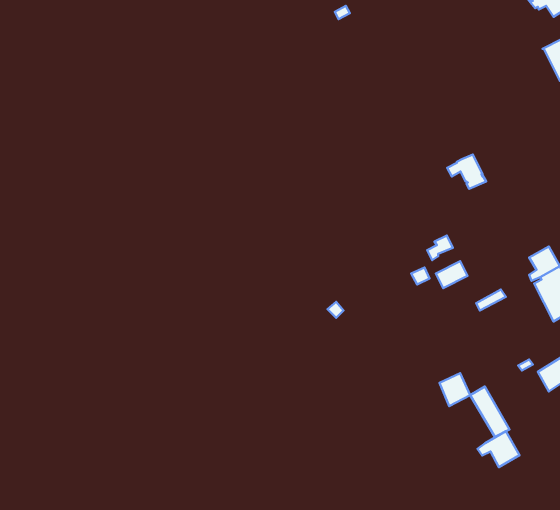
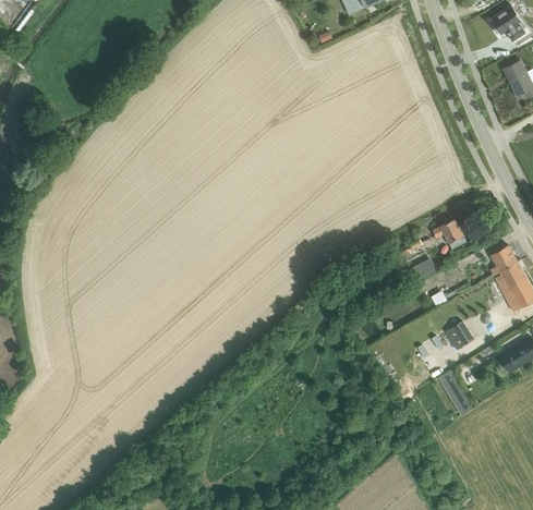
building: [447,154,486,189] -> [432,218,467,248]
building: [439,373,470,406] -> [445,319,472,349]
building: [477,431,520,467] -> none

